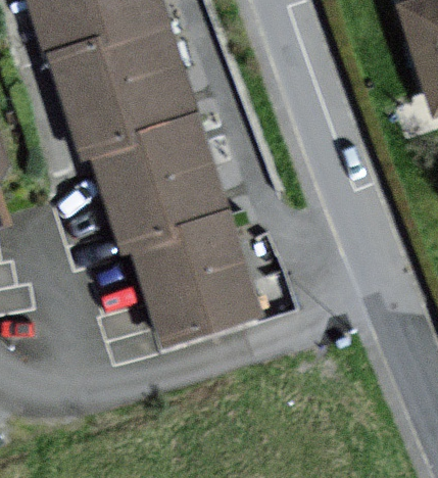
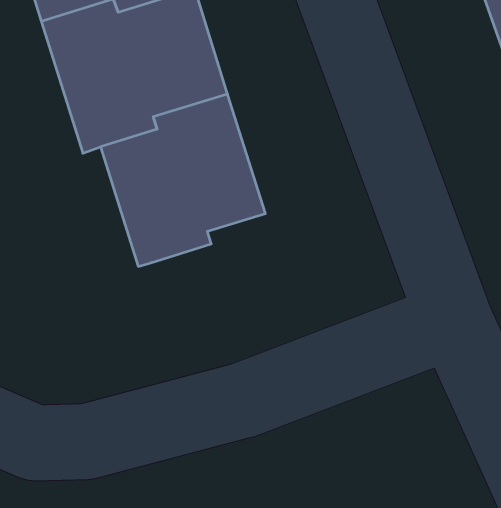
building: [134,206,259,342] -> none

